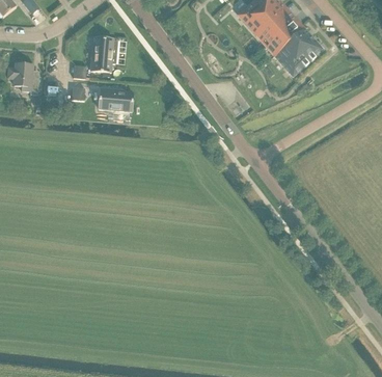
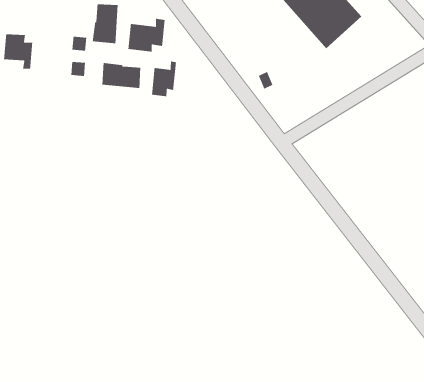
building: none -> [128,18,165,52]
building: none -> [151,60,177,97]

